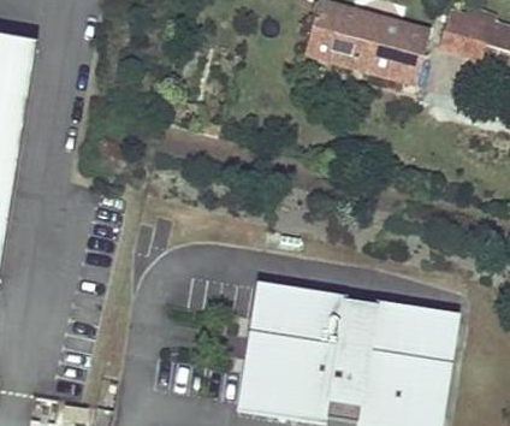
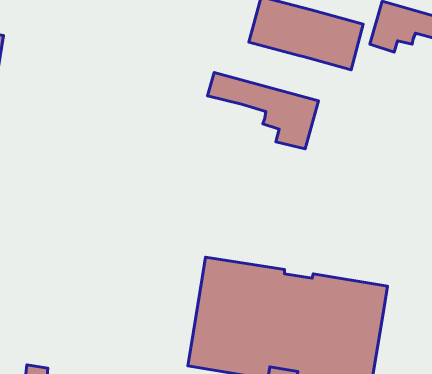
building: none -> [207,72,318,149]

